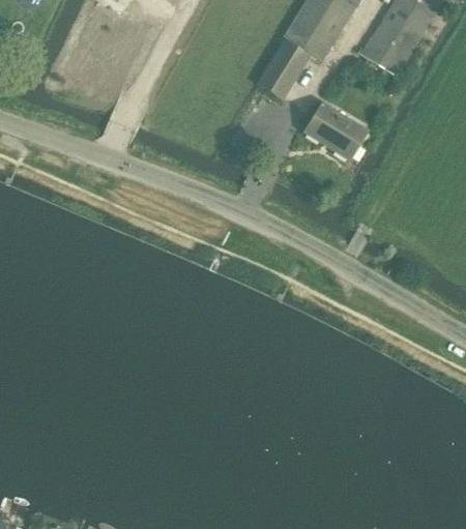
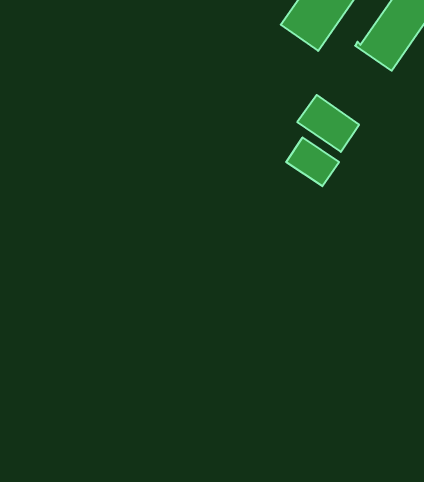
building: [258,41,309,98] -> none
building: none -> [286,137,339,186]

